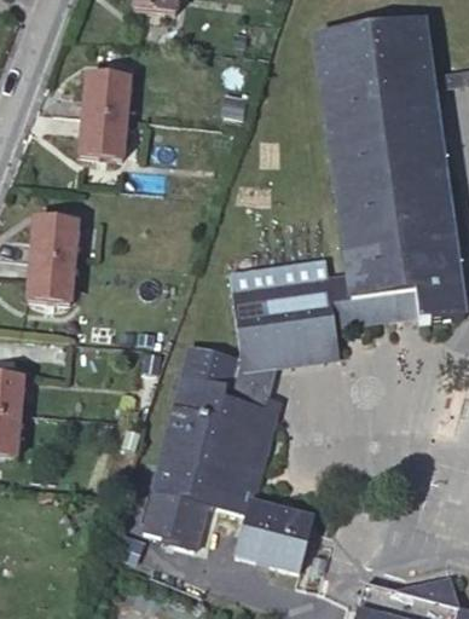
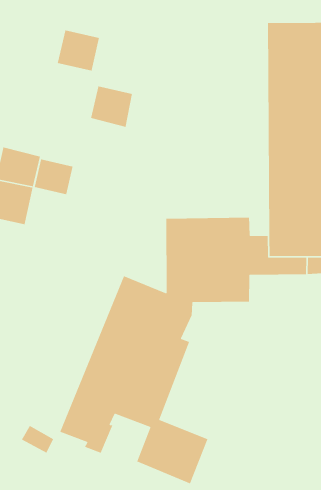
building: [79,114,123,157] -> [90,86,133,128]
building: none -> [34,159,74,195]

